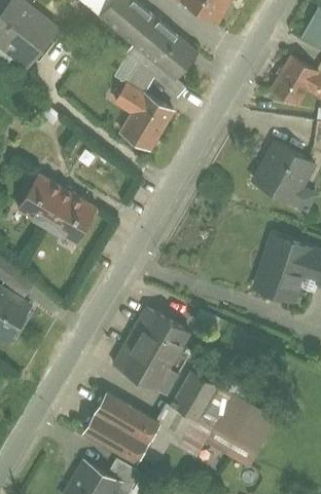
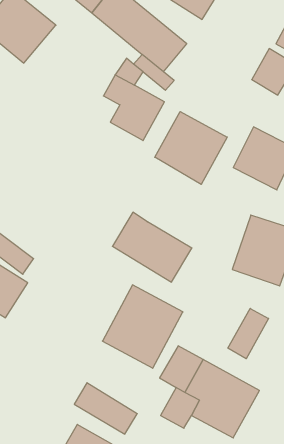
building: none -> [155,112,227,184]
building: [16,173,101,246] -> [112,212,192,282]
building: none -> [228,308,269,359]
building: [95,390,160,443] -> none

